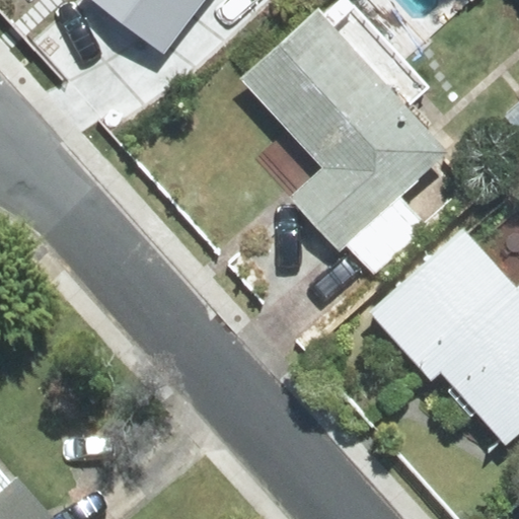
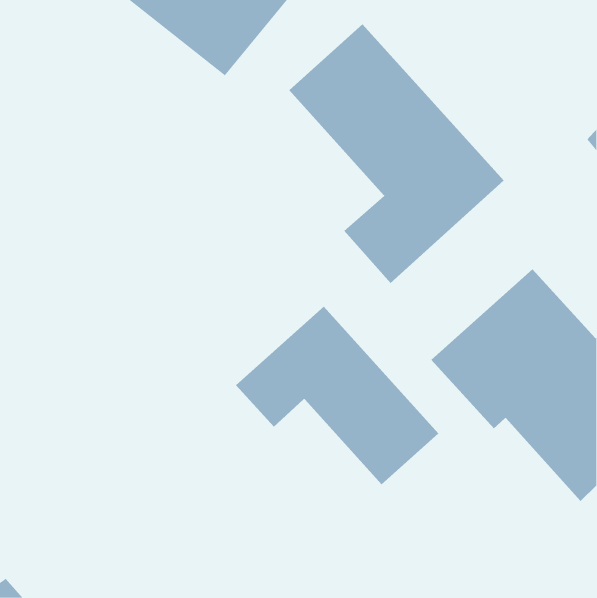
building: none -> [235,306,439,485]

